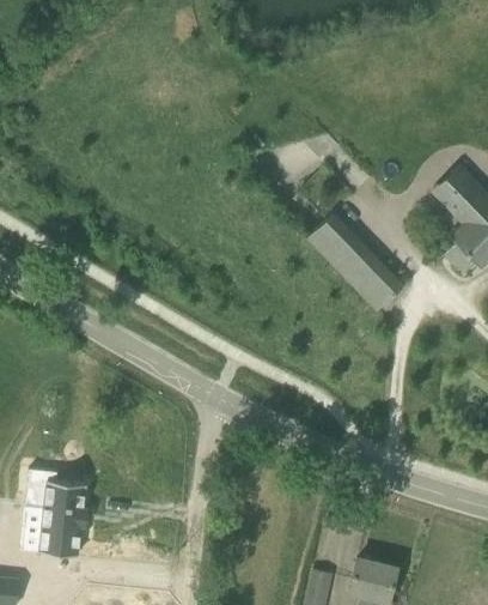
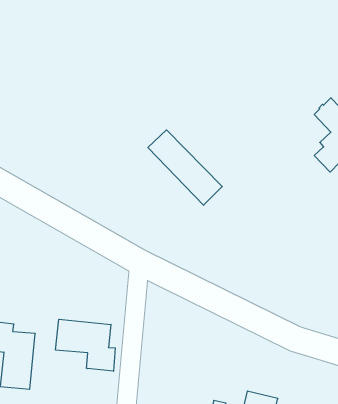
building: [307,213,403,310] -> [148,130,222,205]
building: none -> [56,319,115,371]

